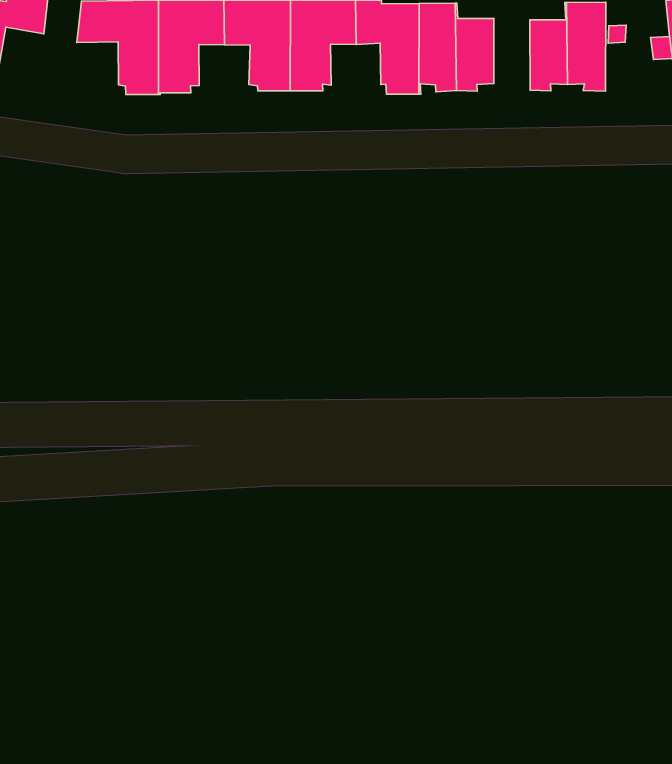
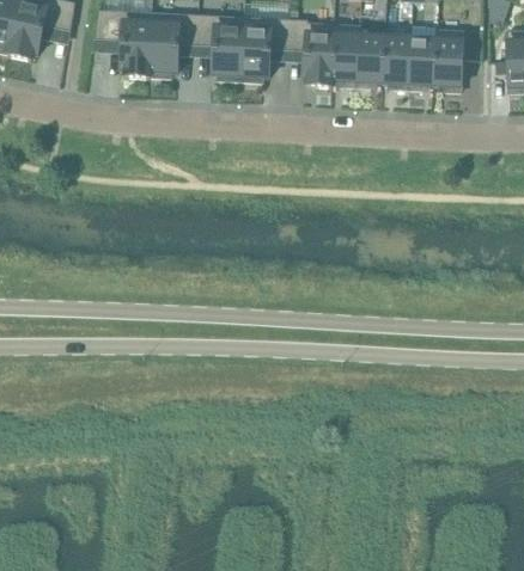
building: none -> [382,38,409,90]

